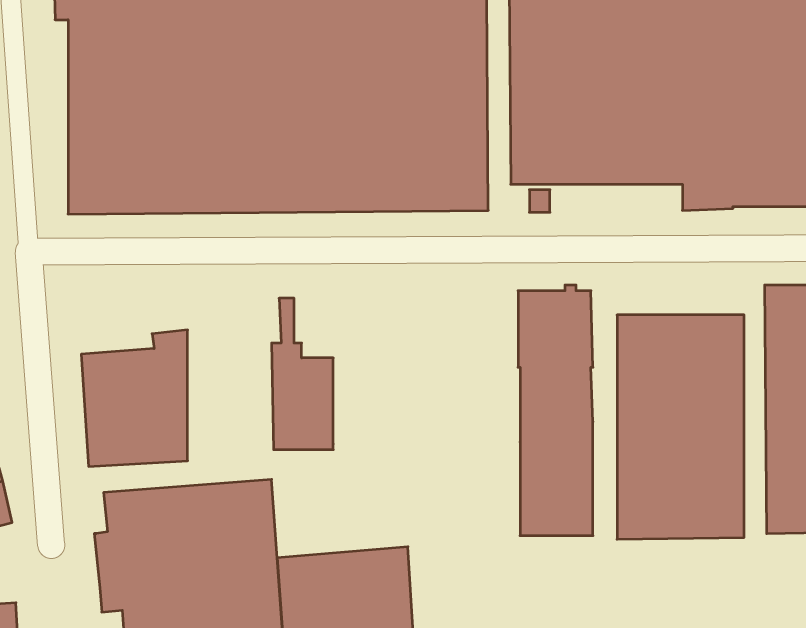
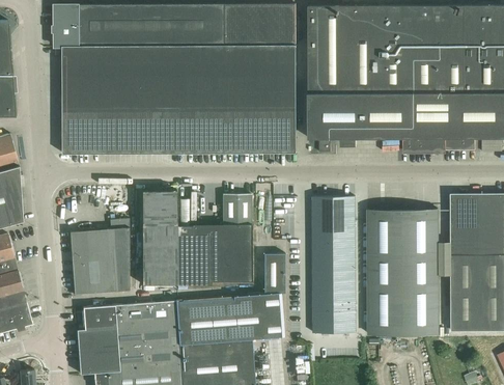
building: none -> [141,191,177,284]
building: none -> [211,194,251,281]
building: none -> [176,253,285,345]

